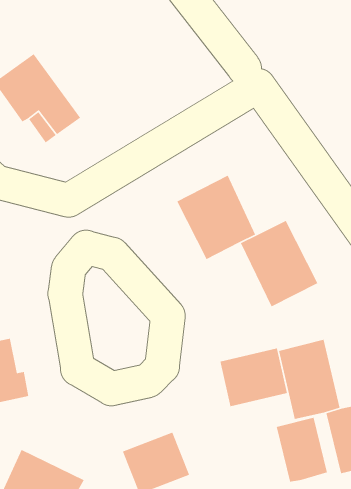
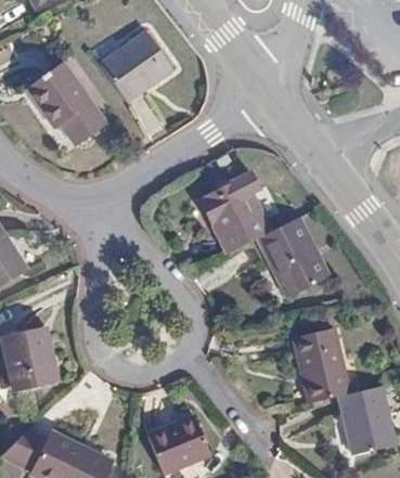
building: none -> [100,28,175,101]
building: [220,348,288,407] -> none
building: [276,417,328,483] -> none

